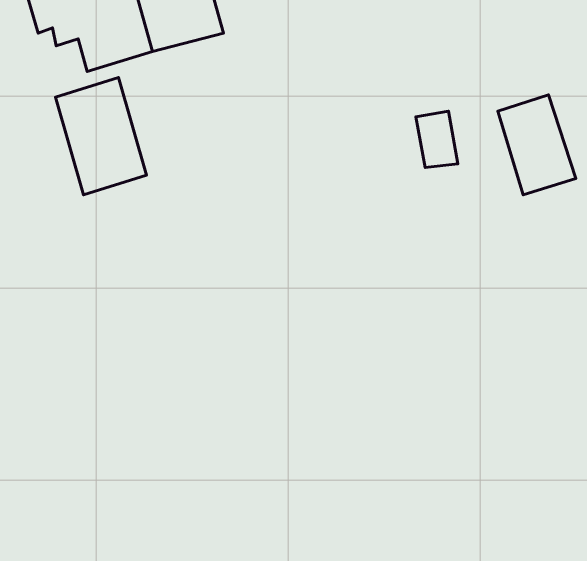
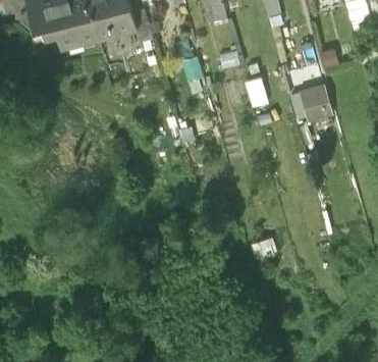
building: [55,78,147,195] -> none

